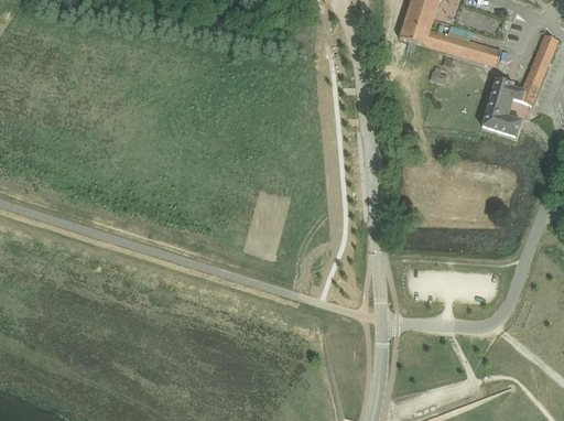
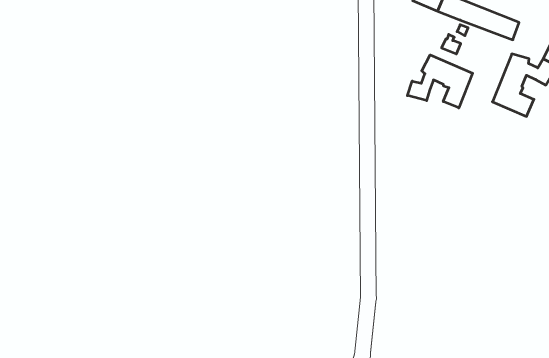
building: none -> [407,55,473,108]

